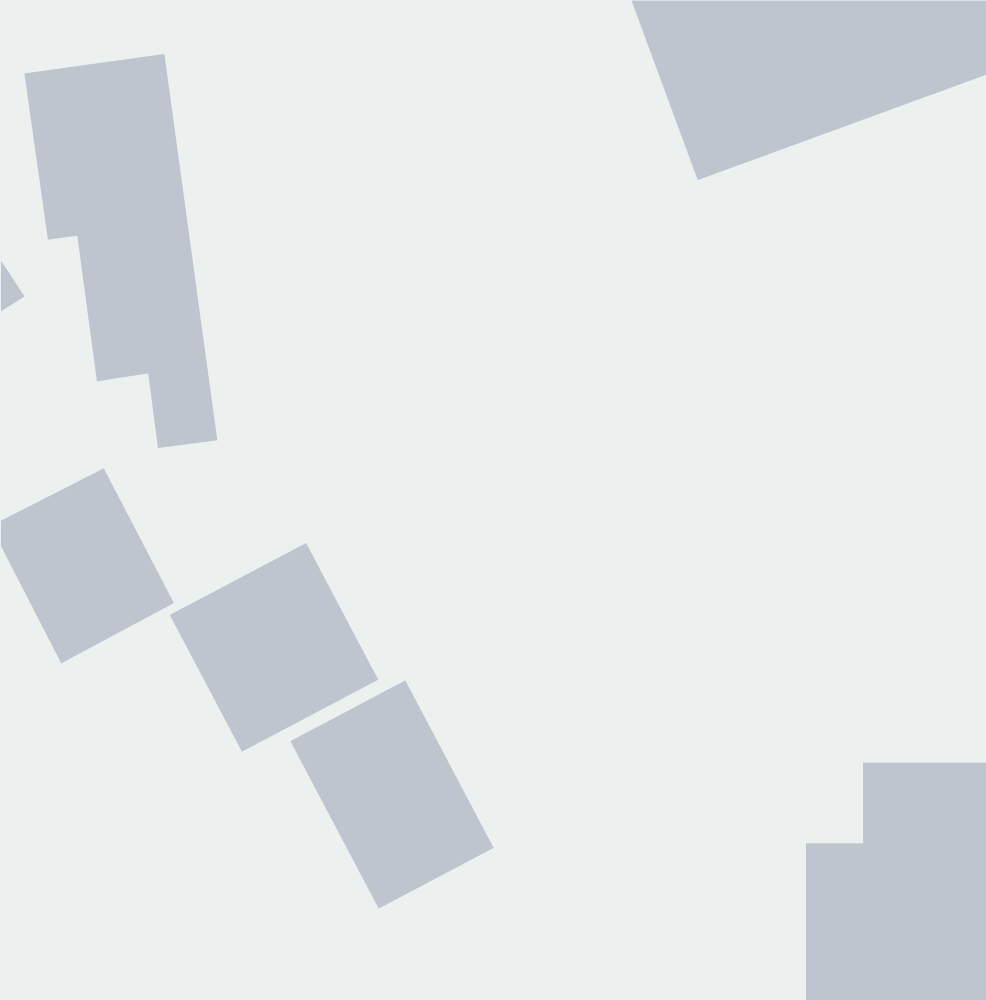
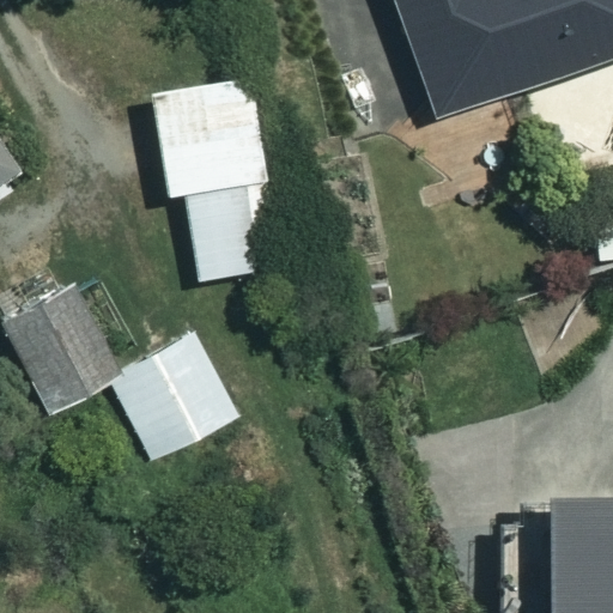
building: [24,54,218,448] -> [156,80,274,321]
building: [289,679,495,909] -> none

